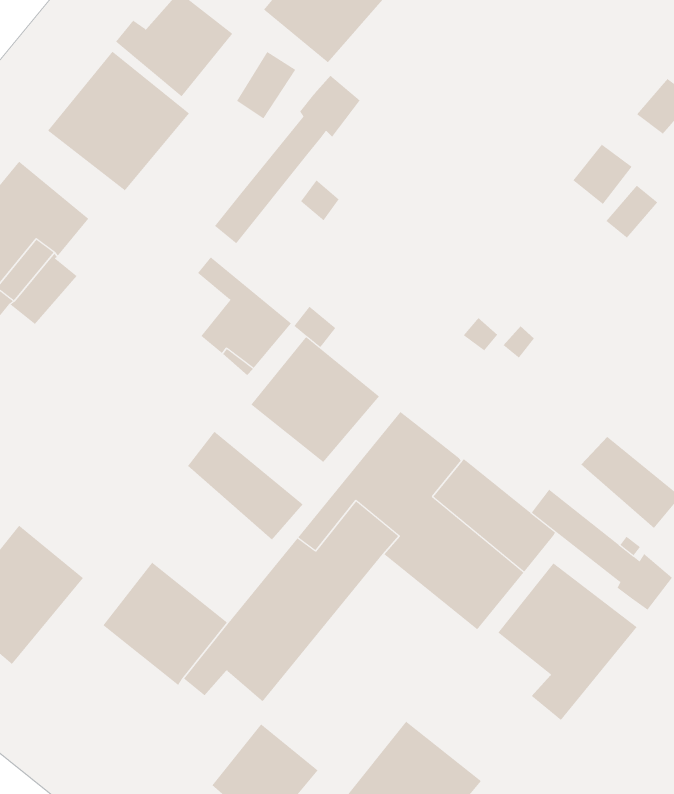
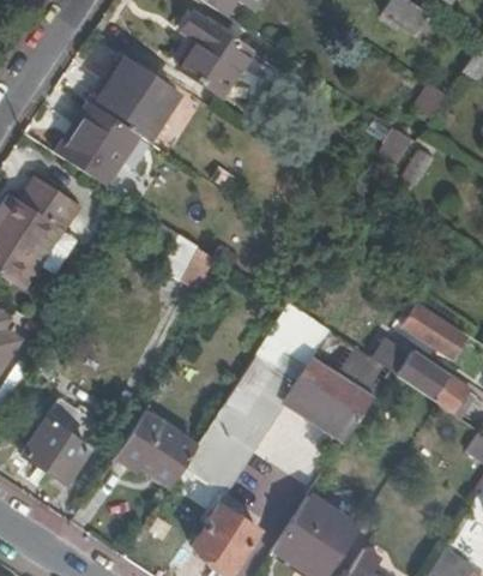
building: [214,75,361,244] -> none
building: [250,336,380,463] -> none
building: [187,431,304,541] -> none
building: [498,563,637,721] -> none

